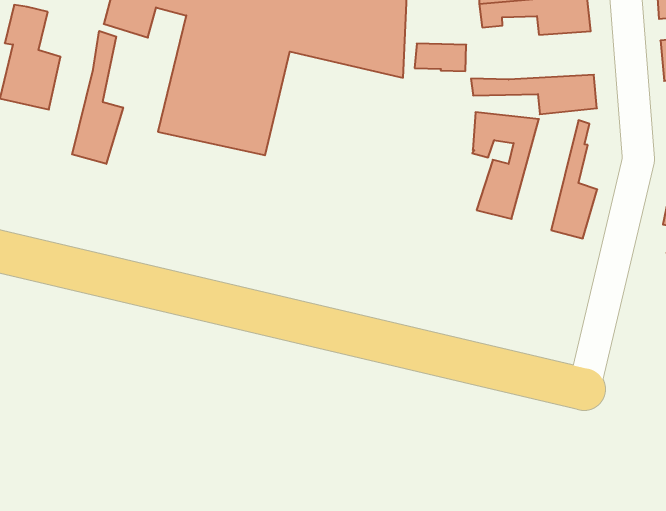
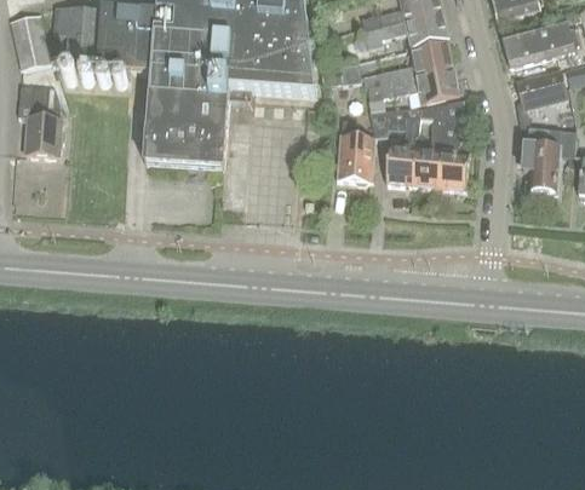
building: [72,31,123,164] -> none
building: none -> [361,40,454,86]
building: none -> [335,119,375,181]
building: none -> [411,103,448,188]

